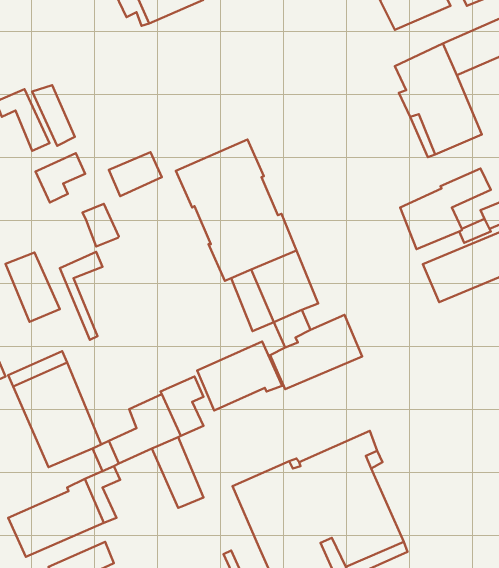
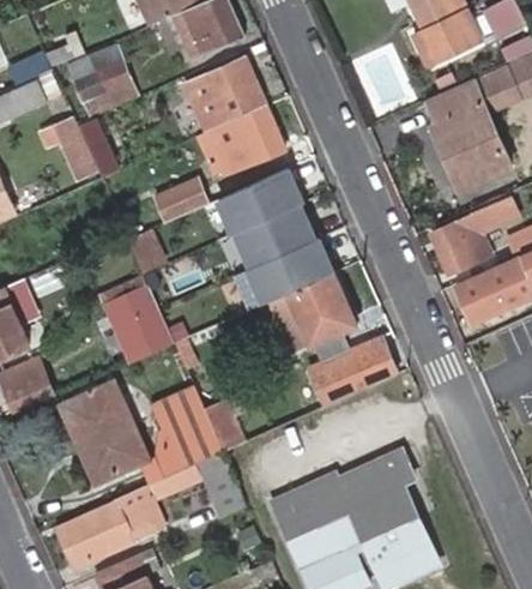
building: none -> [67,46,135,114]
building: none -> [186,60,262,128]
building: none -> [206,110,283,178]
building: [36,153,85,202] -> none
building: [6,252,60,322] -> [121,290,173,356]
building: [197,342,282,410] -> none
building: none -> [152,386,205,431]

